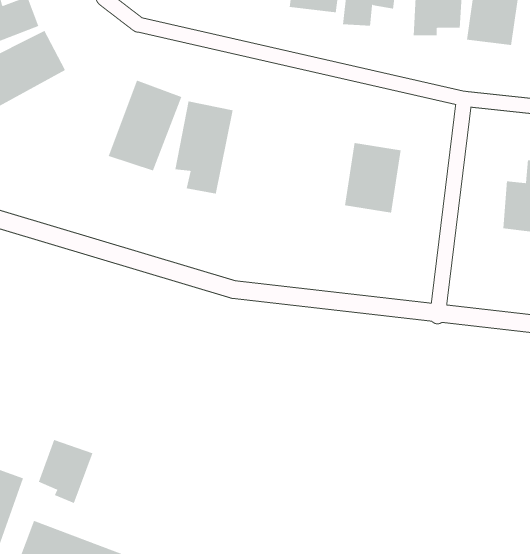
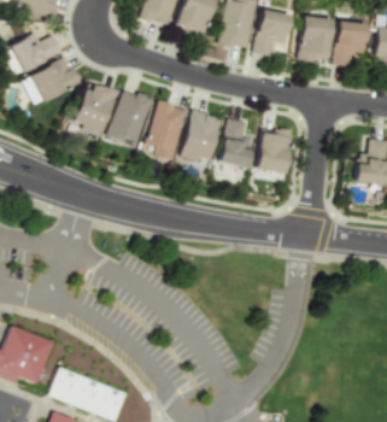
building: none -> [76,81,117,134]
building: none -> [180,110,222,163]
building: none -> [218,118,253,168]
building: [38,439,93,504] -> none

